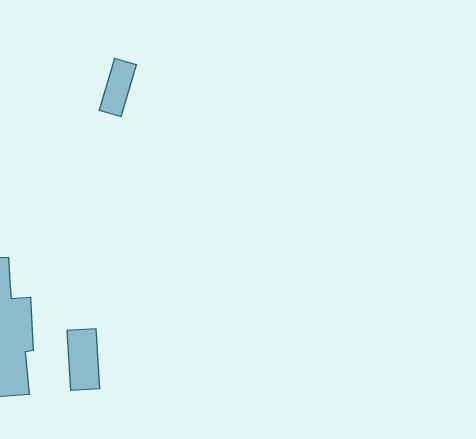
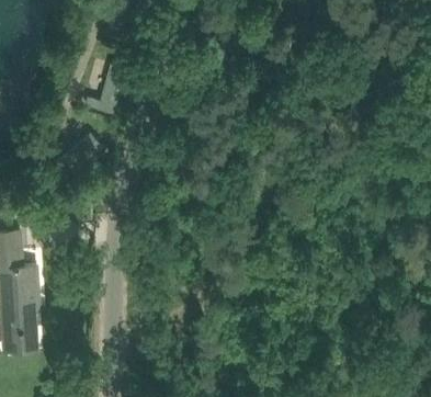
building: [67,329,99,390] -> none

